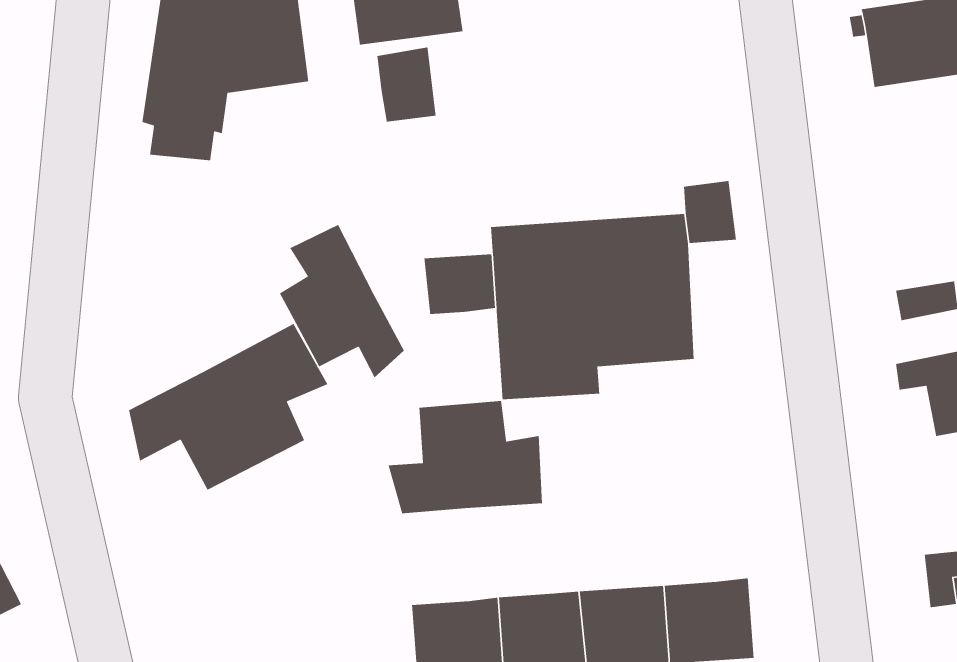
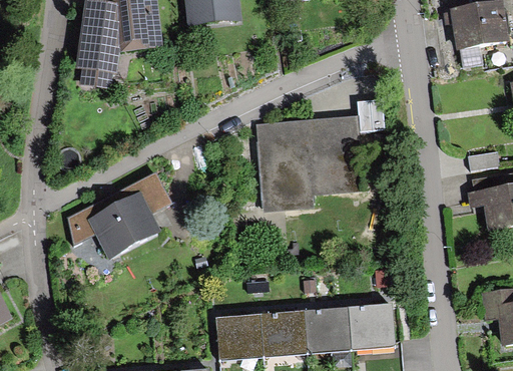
building: [376,47,436,122] -> none
building: [279,224,405,378] -> none
building: [423,254,496,315] -> none
building: [388,400,543,514] -> none

